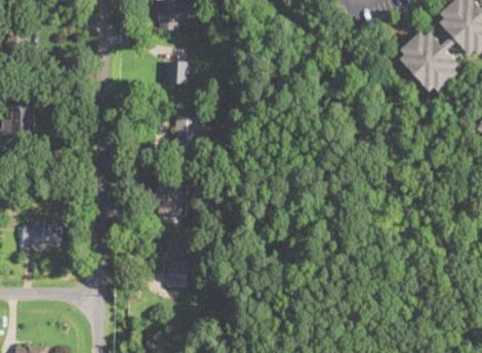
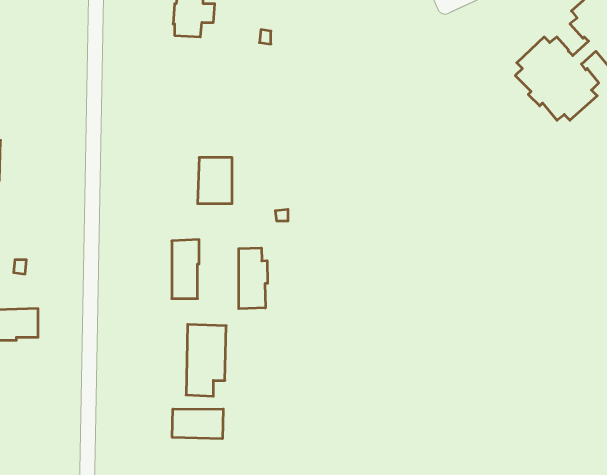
building: [163,60,187,84] -> none
building: none -> [239,248,268,309]
building: none -> [172,409,223,439]

